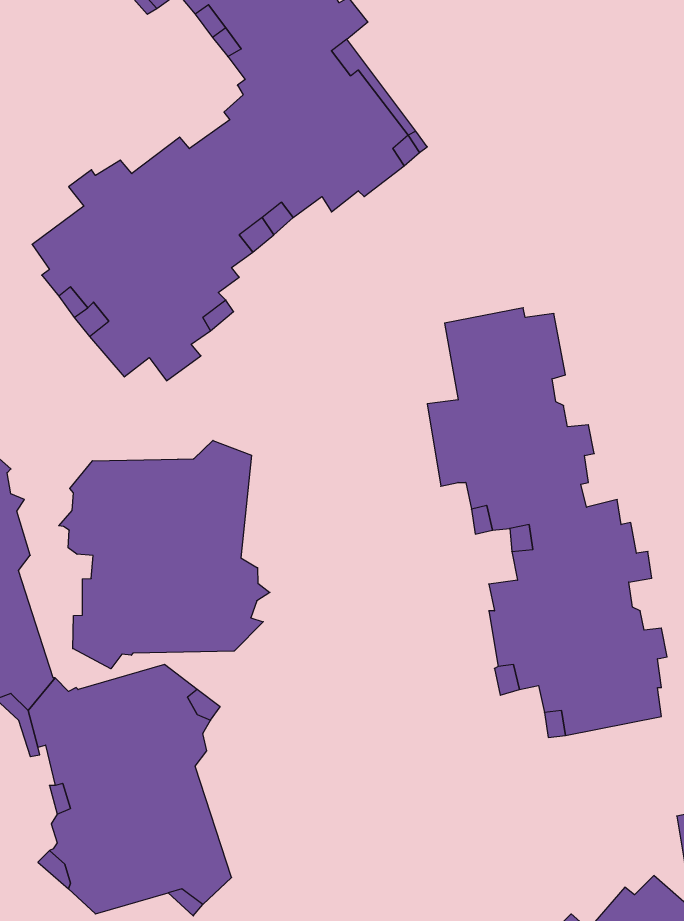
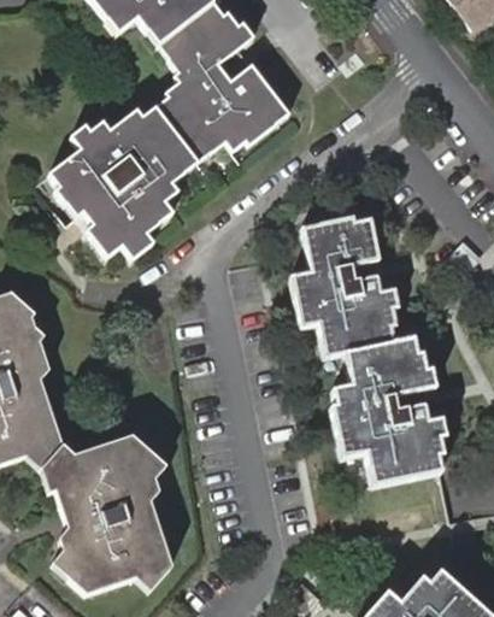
building: [59,440,270,669] -> none

